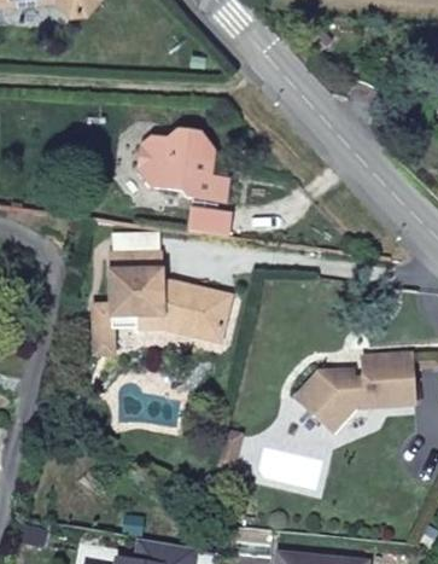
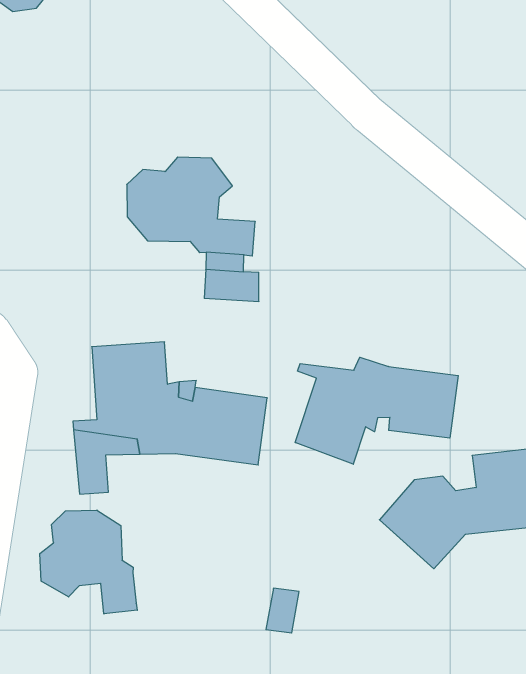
building: none -> [295,357,458,464]
building: none -> [40,510,137,614]

